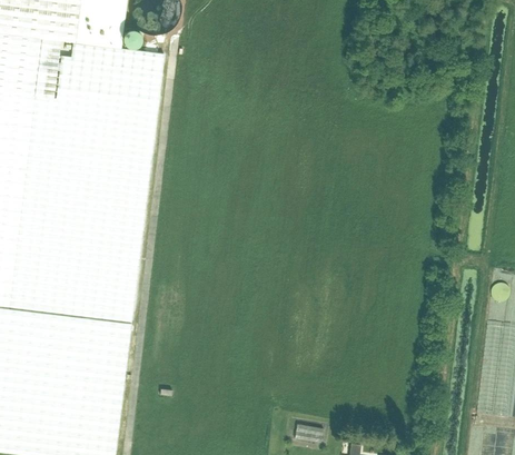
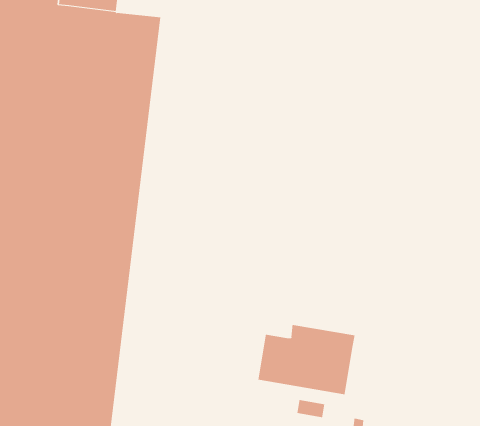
building: none -> [258,324,355,395]

